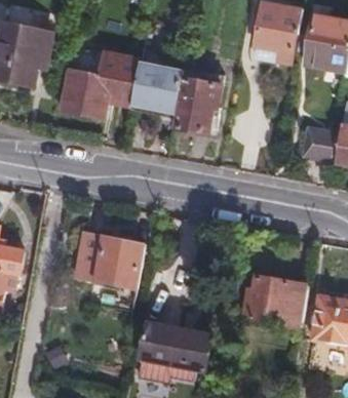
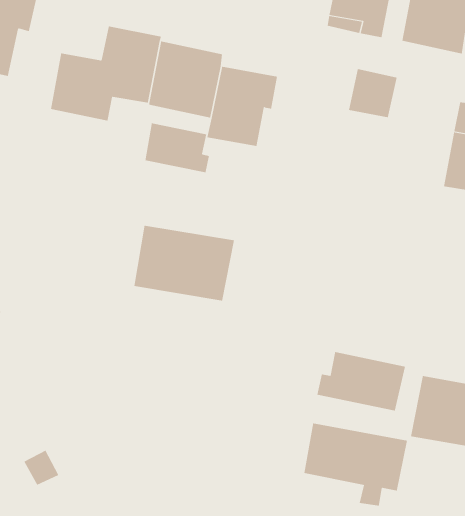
building: none -> [145,123,209,173]
building: [296,128,330,162] -> [348,69,397,118]
building: [76,234,146,286] -> [134,225,235,301]
building: [138,320,209,377] -> [304,423,408,506]

